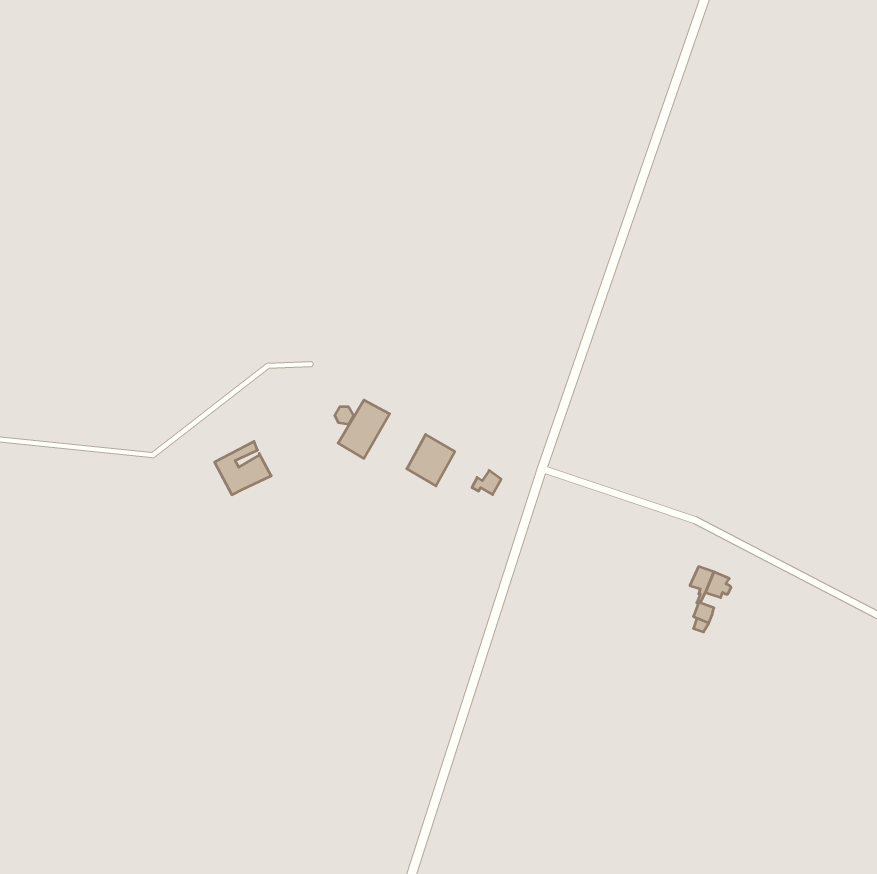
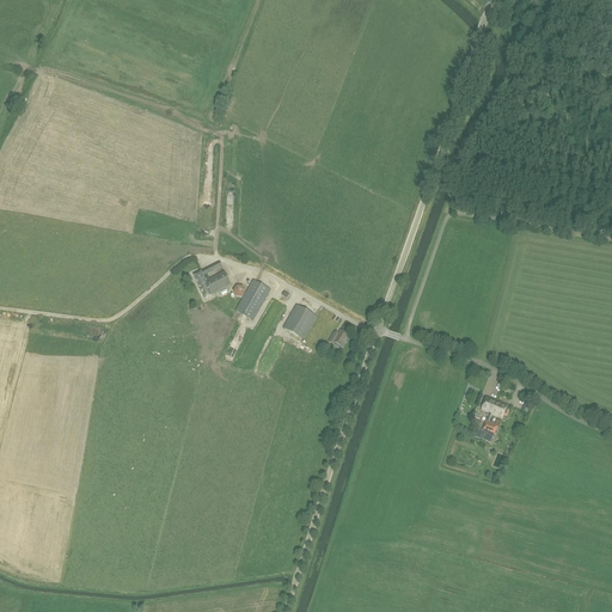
building: [215,441,271,495] -> [192,259,232,296]

